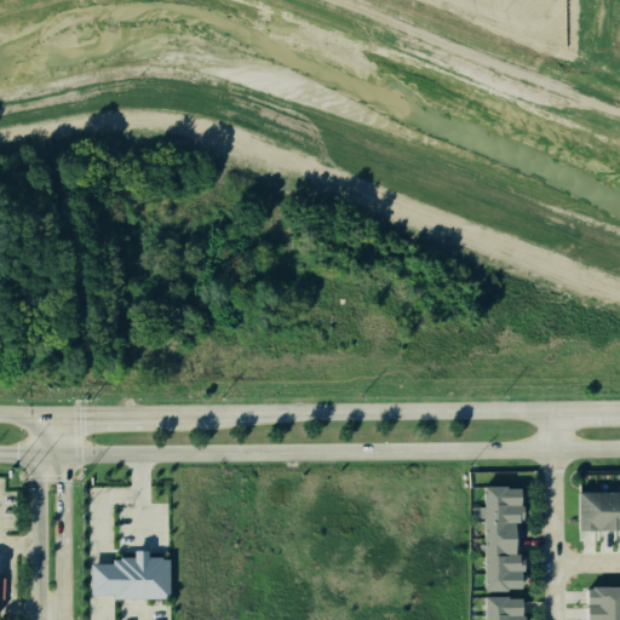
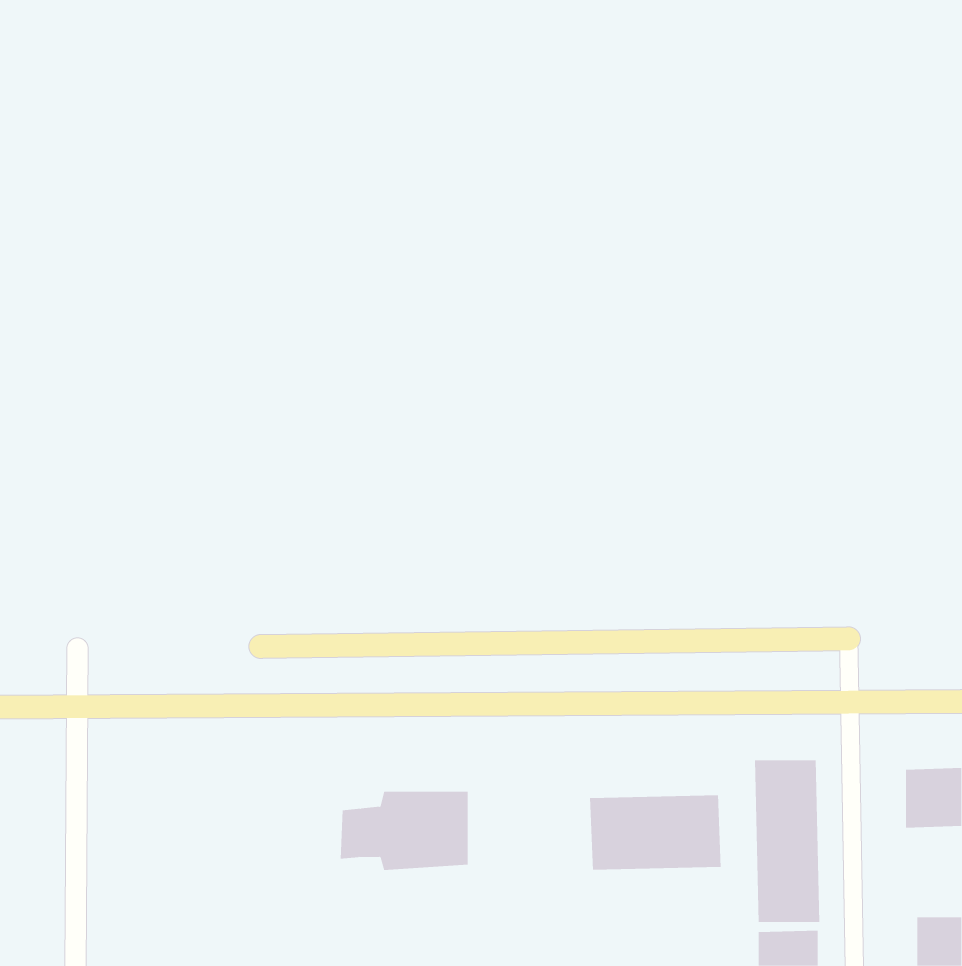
building: none -> [590,794,721,871]
building: [88,555,171,605] -> [340,791,469,871]

